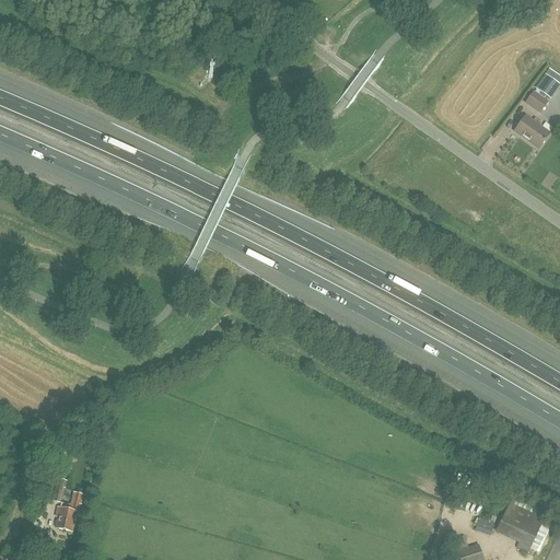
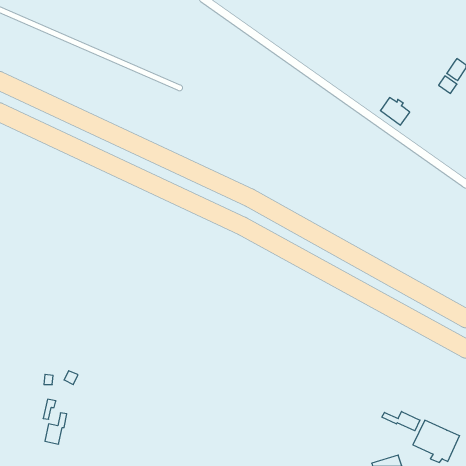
building: [512,115,547,148] -> [380,98,410,125]
building: none -> [382,411,420,431]

